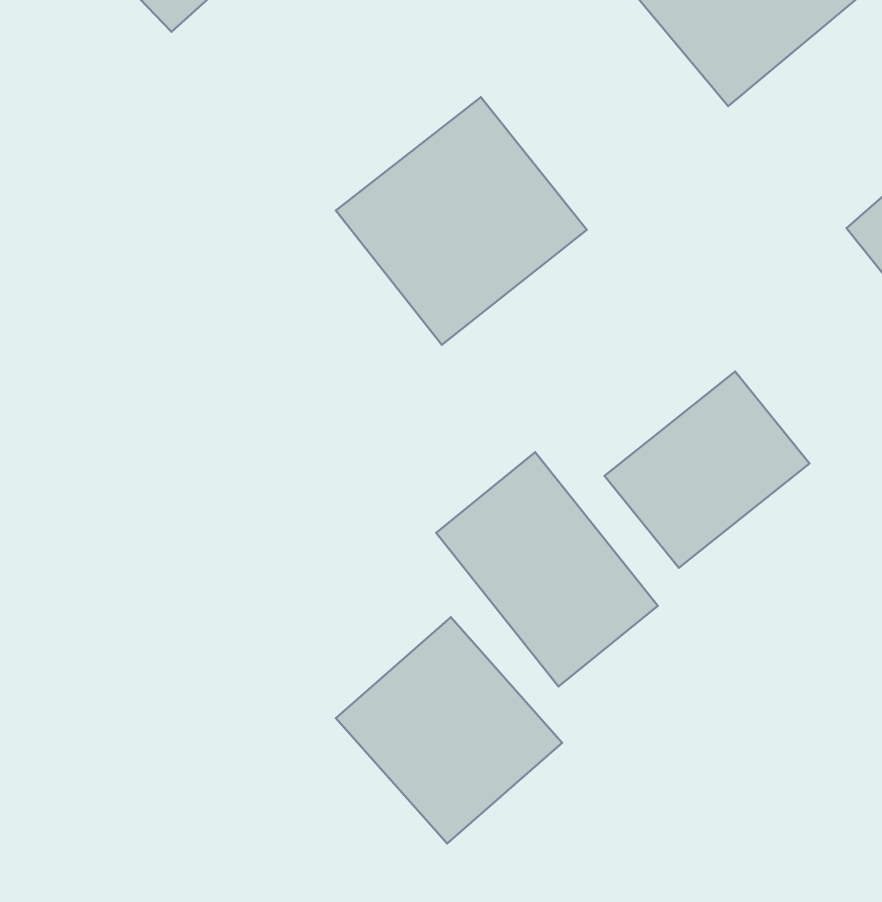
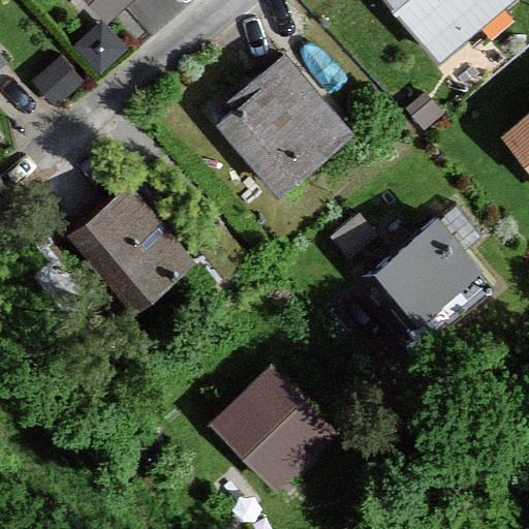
building: none -> [55,187,203,336]
building: [436,452,658,686] -> none

